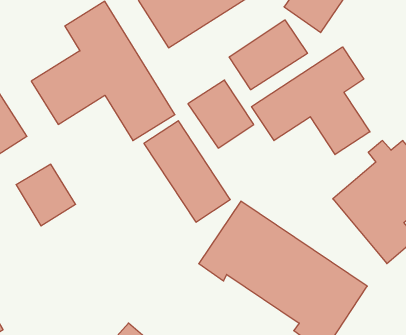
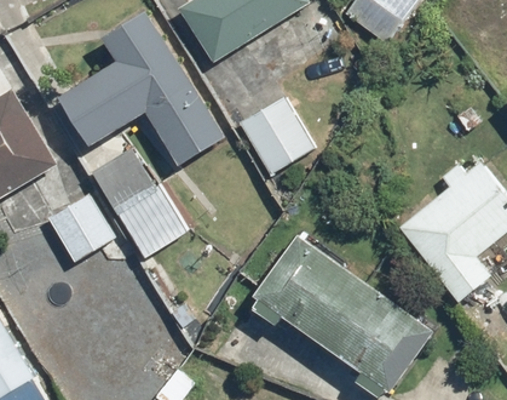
building: [229,20,307,90] -> none
building: [252,47,370,155] -> none
building: [144,121,230,222] -> [88,144,185,258]

